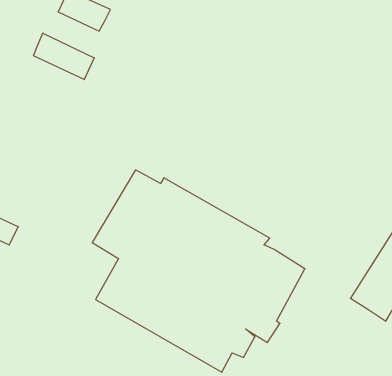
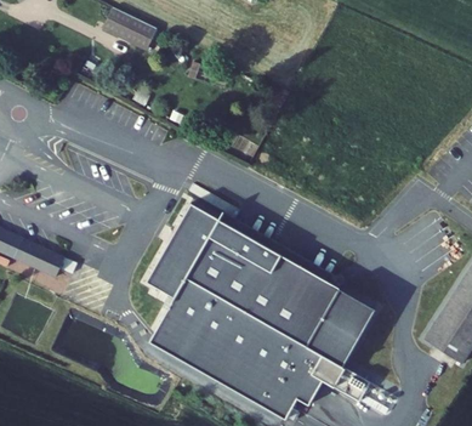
building: [34,33,94,80] -> none

